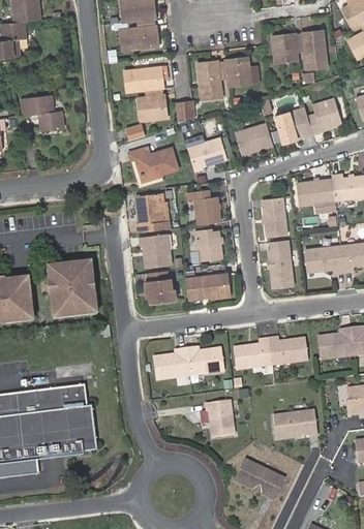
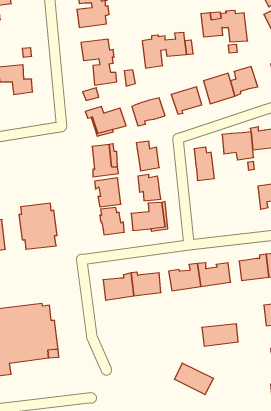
building: [267,240,293,288] -> none
building: [303,244,342,273] -> none
building: [209,401,235,437] -> none

